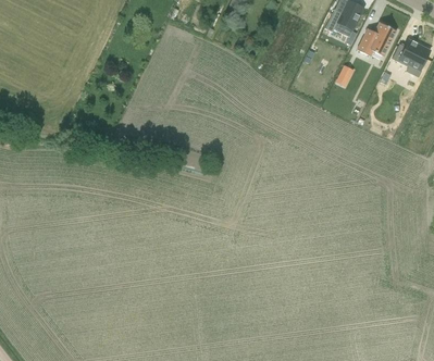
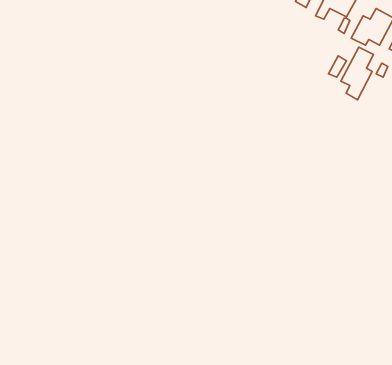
building: none -> [341,47,374,100]

